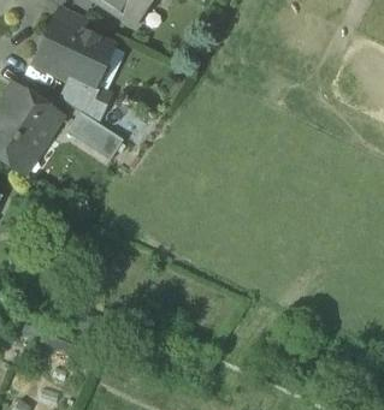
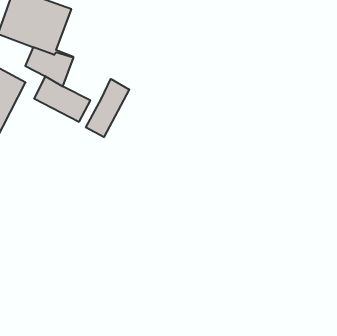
building: none -> [86,79,129,137]

